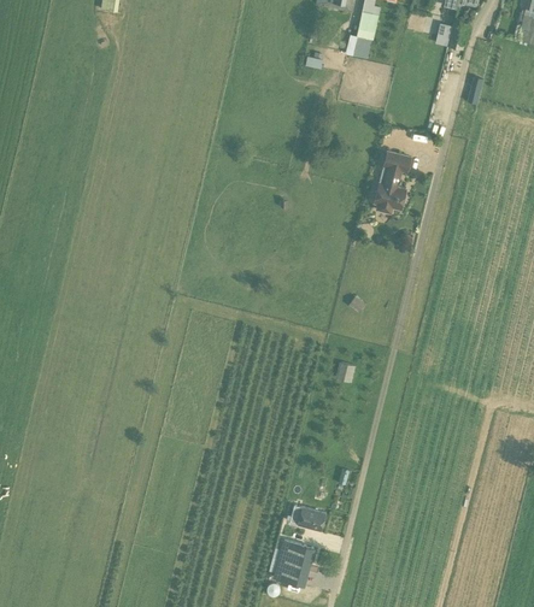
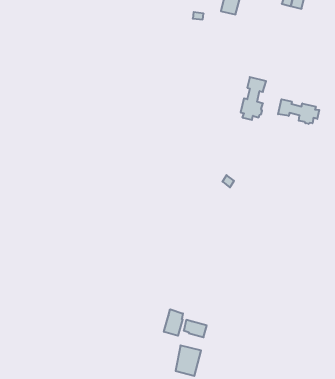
building: none -> [278,99,319,124]
building: none -> [164,309,183,336]

